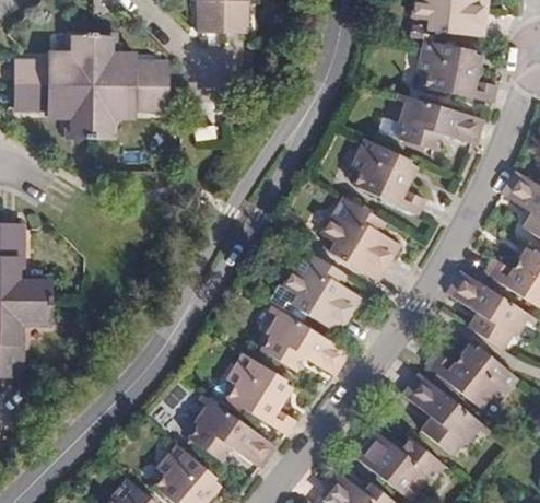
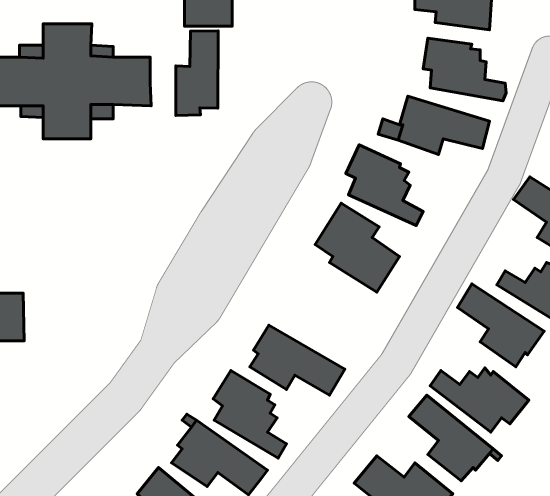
building: none -> [176,31,218,115]
building: [278,252,357,334] -> none

